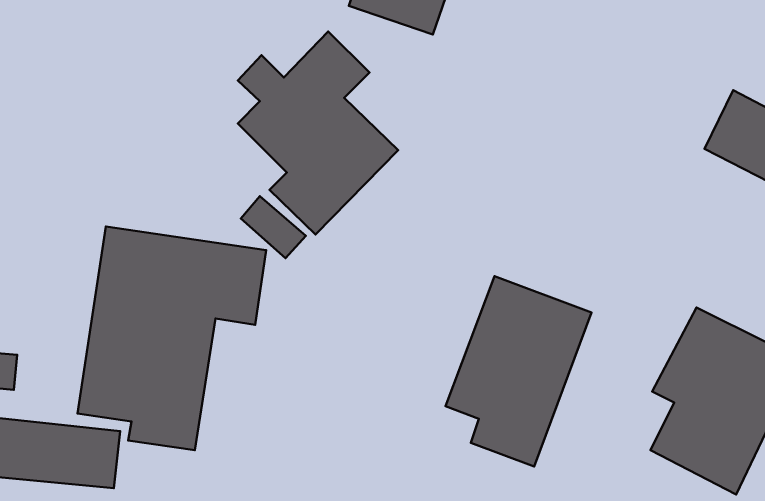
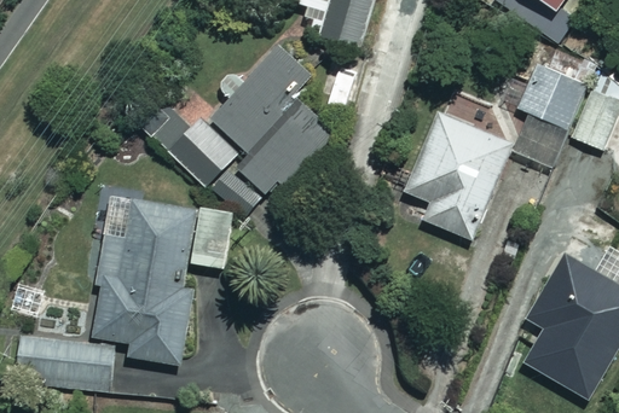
building: none -> [514,60,583,128]
building: none -> [139,103,236,186]
building: [445,276,591,466] -> [406,93,517,238]

